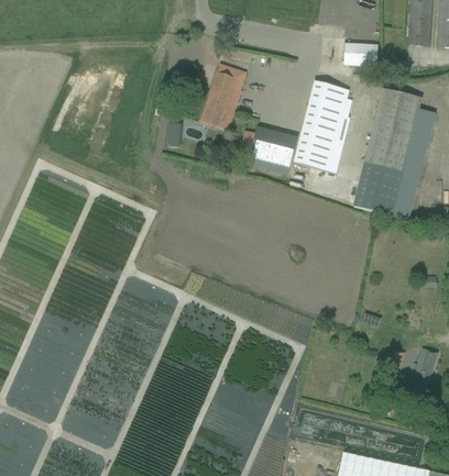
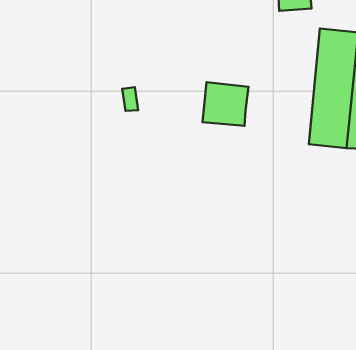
building: [200,64,245,131] -> none
building: [293,81,350,171] -> none

